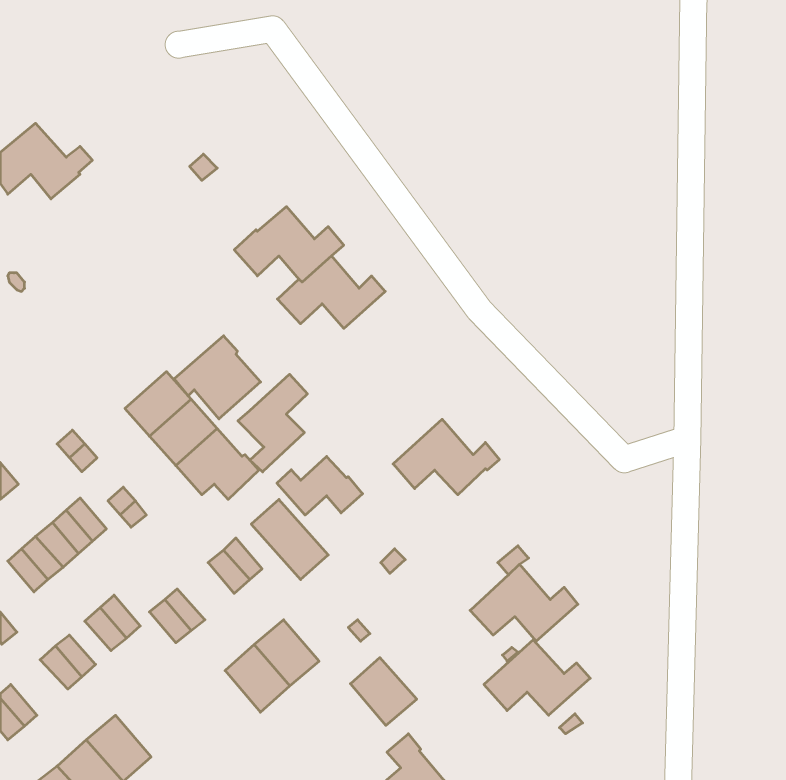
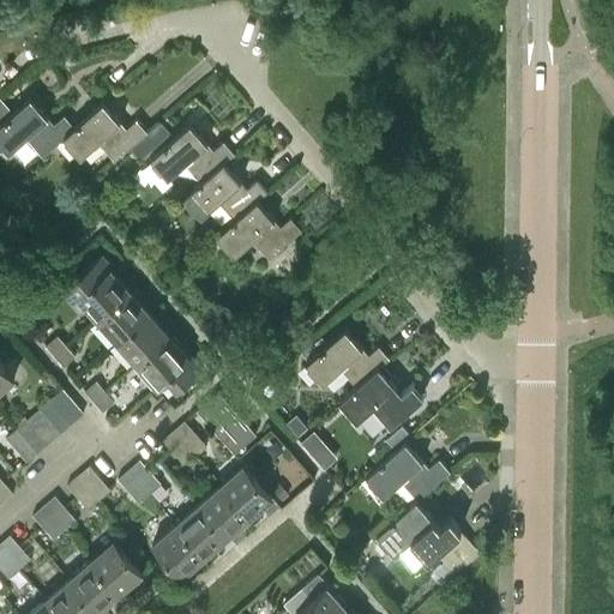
building: none -> [62,107,146,165]
building: none -> [150,127,235,186]
building: [174,336,261,419] -> [64,259,131,324]
building: [238,374,307,472] -> none
building: [277,456,363,515] -> none
building: none -> [339,371,423,429]
building: [350,658,417,725] -> [222,468,273,520]
building: none -> [154,528,204,579]
building: none -> [91,542,143,595]

